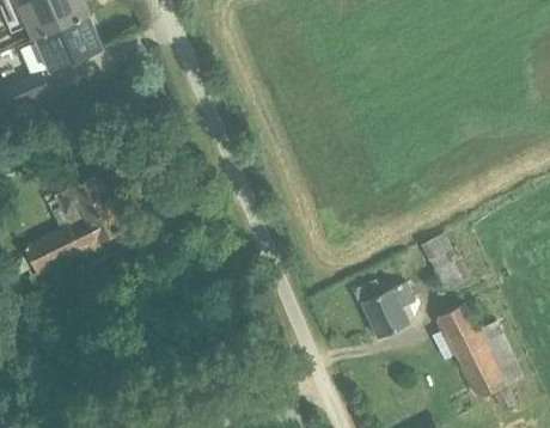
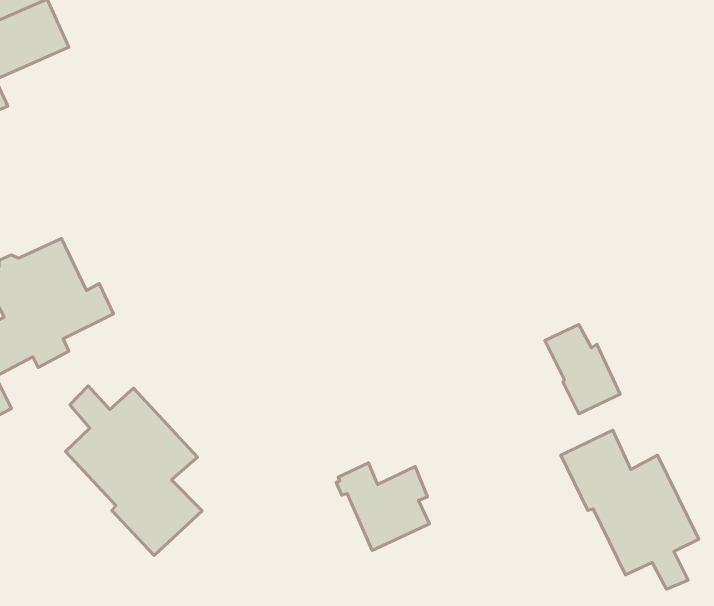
building: none -> [65,386,202,556]
building: [354,280,416,338] -> [336,463,429,551]

